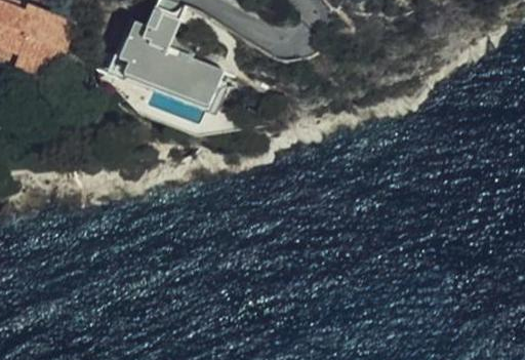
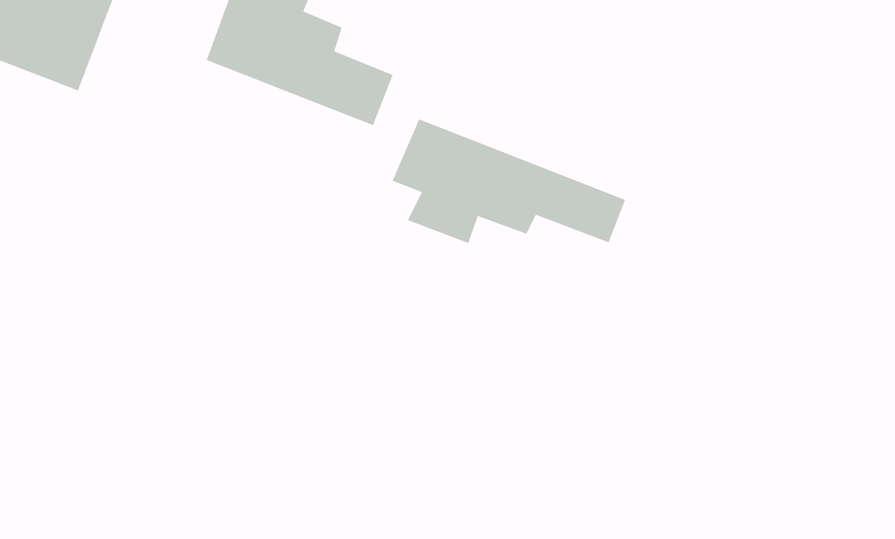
building: none -> [392,119,626,244]

